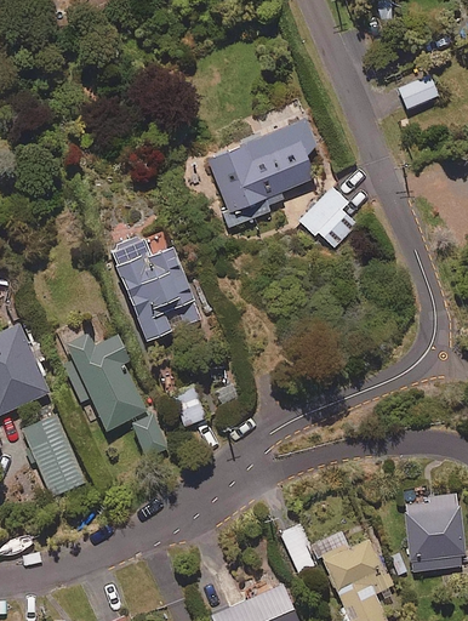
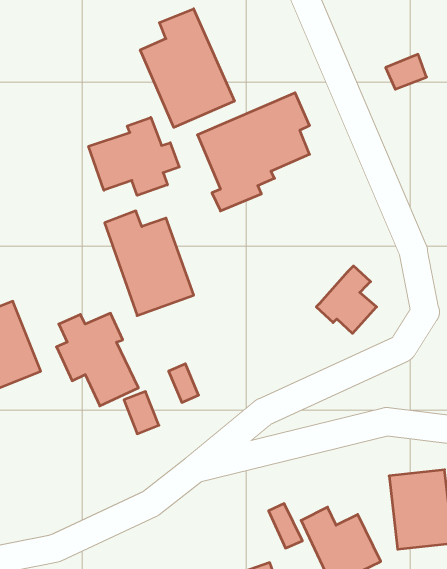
building: none -> [140,9,234,127]
building: none -> [89,117,179,195]
building: [298,184,359,252] -> [316,266,377,333]
building: [22,416,85,498] -> none

